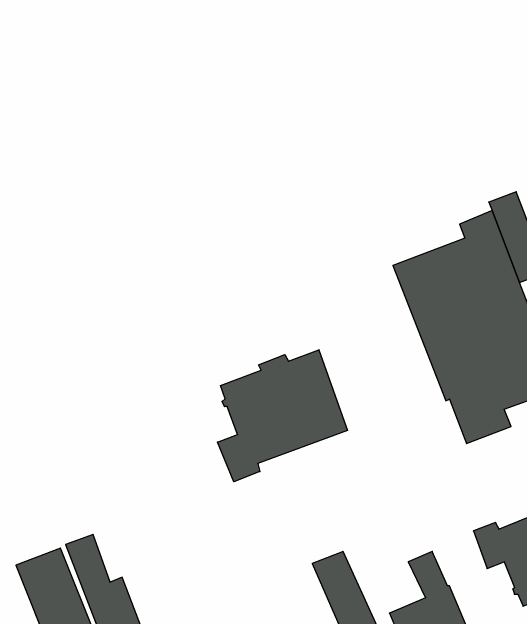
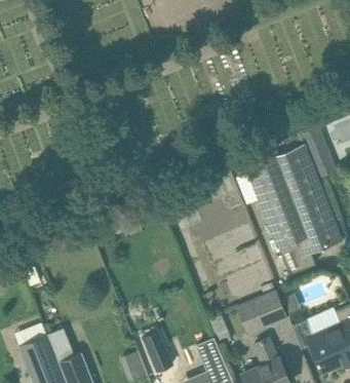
building: [217,350,348,482] -> none
building: none -> [237,290,286,334]
building: none -> [141,332,172,373]

